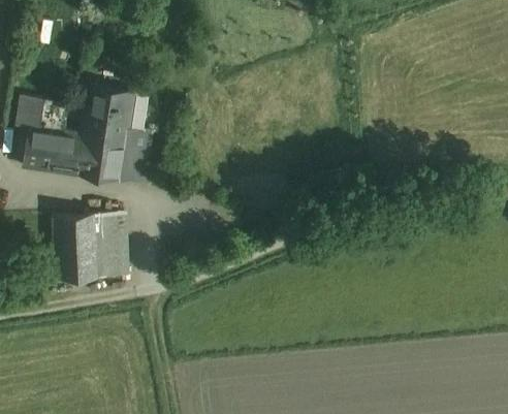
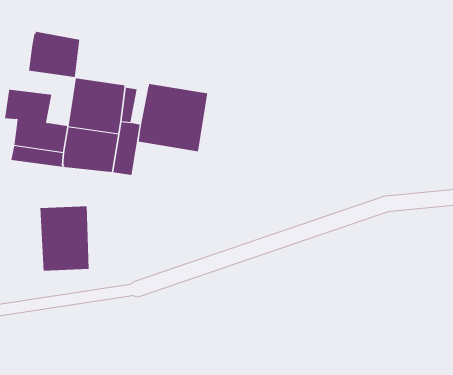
building: none -> [29,31,80,78]
building: none -> [138,83,208,152]
building: [99,213,127,277] -> none

